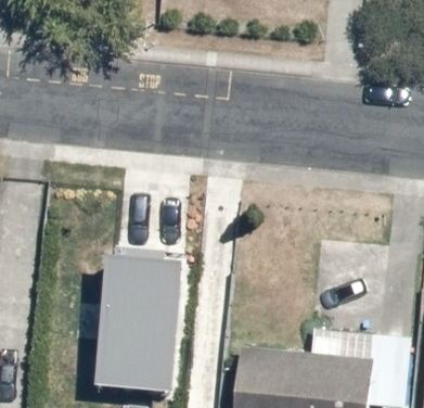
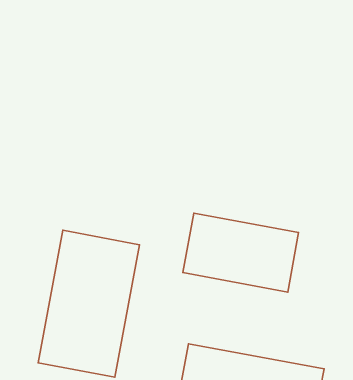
building: none -> [183,213,299,292]

